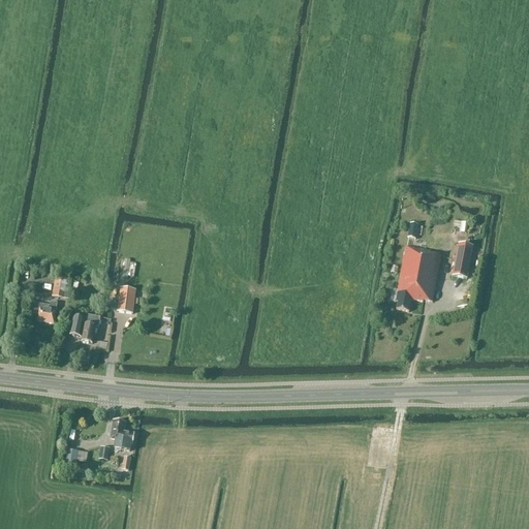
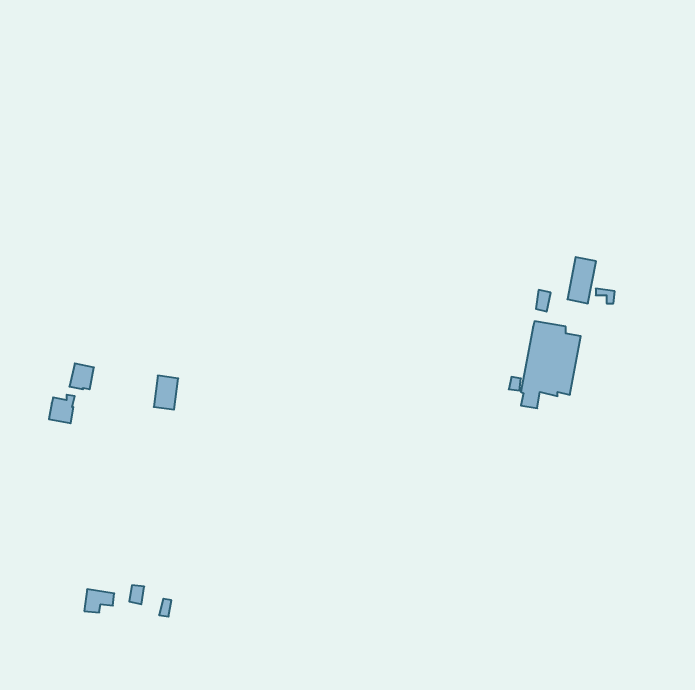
building: [452,241,473,276] -> [567,257,596,303]
building: [69,310,96,342] -> none
building: [110,418,133,448] -> none

